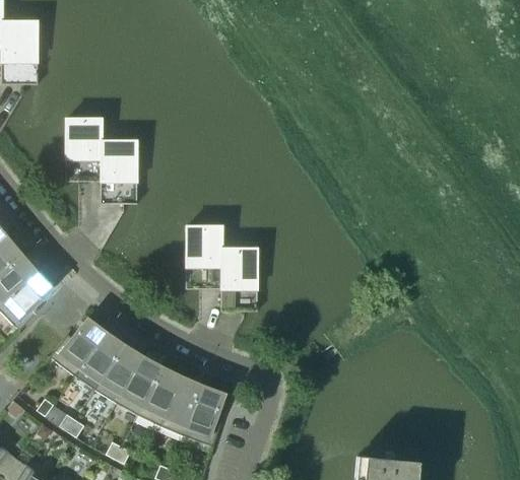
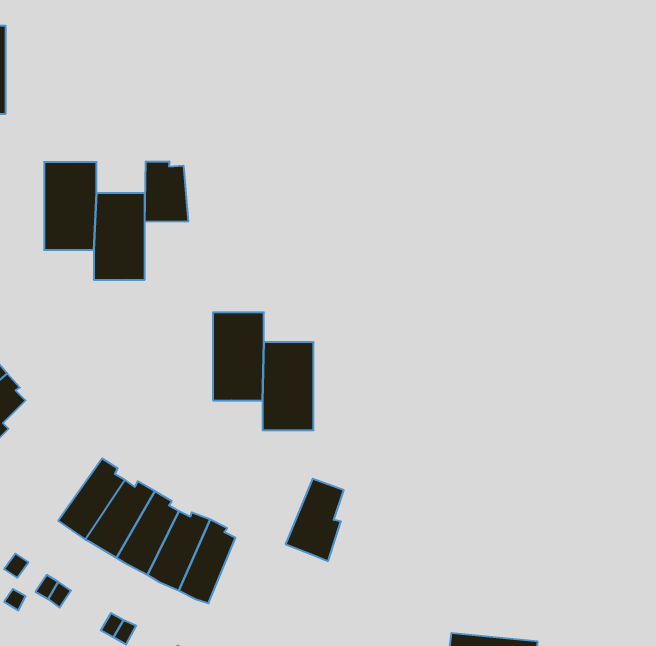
building: none -> [145,161,188,222]
building: [49,319,106,374] -> none
building: [182,387,223,445] -> [286,479,344,561]

